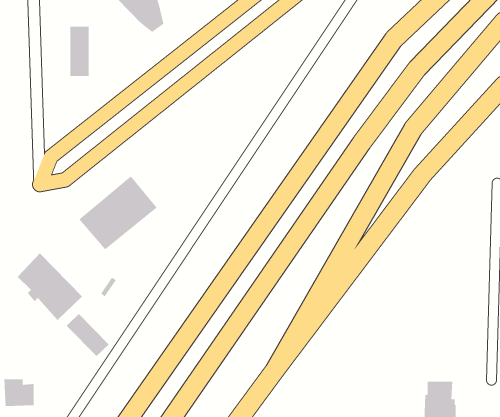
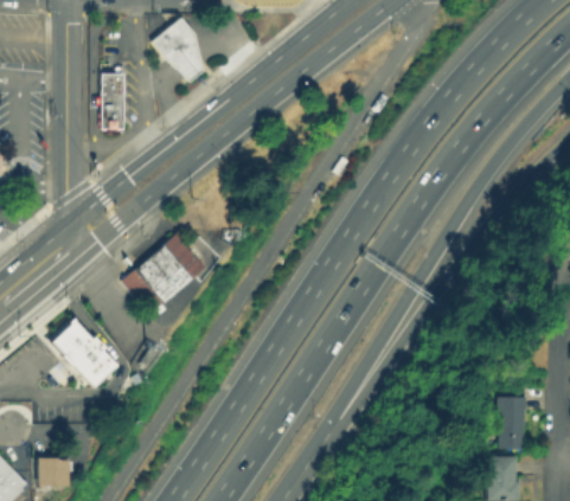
building: [66,313,109,357] -> none
building: none -> [498,397,527,449]

